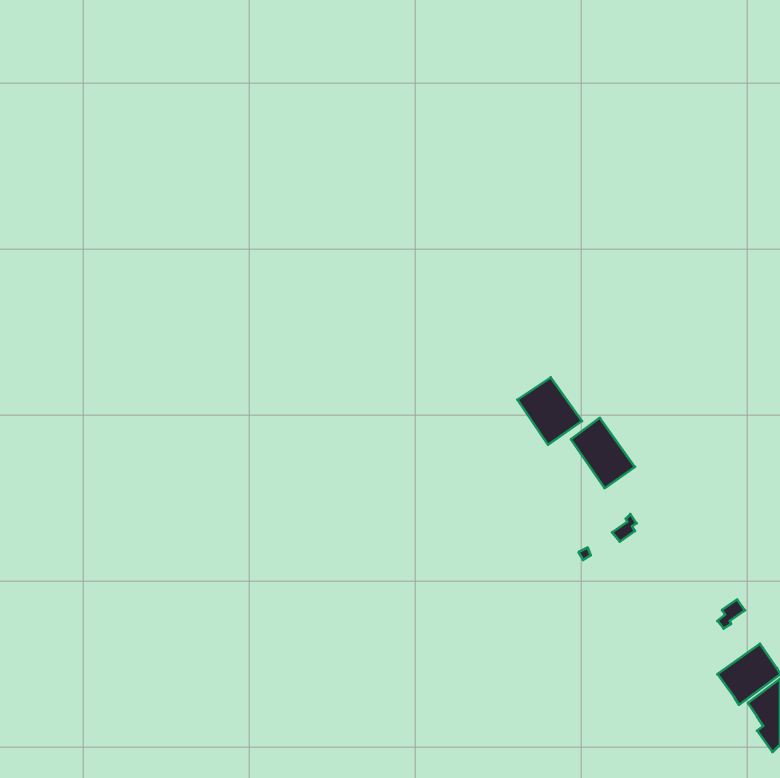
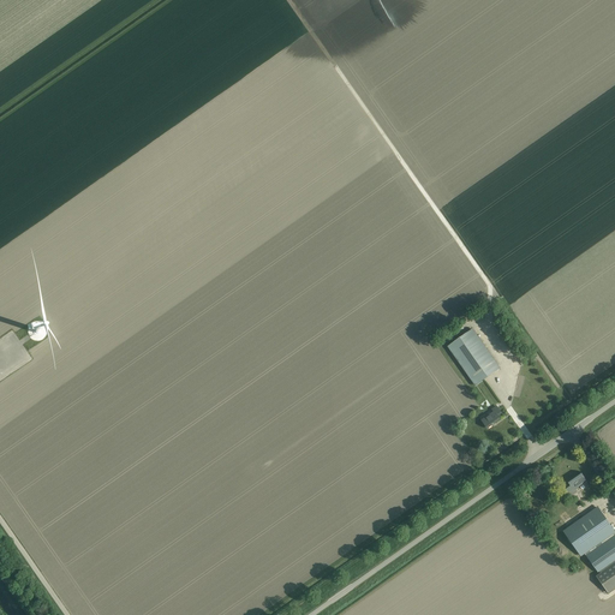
building: [517,377,582,445] -> none

